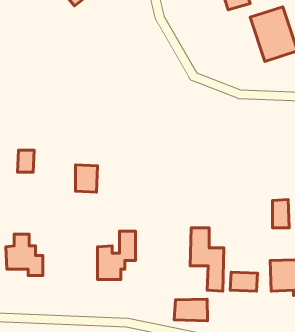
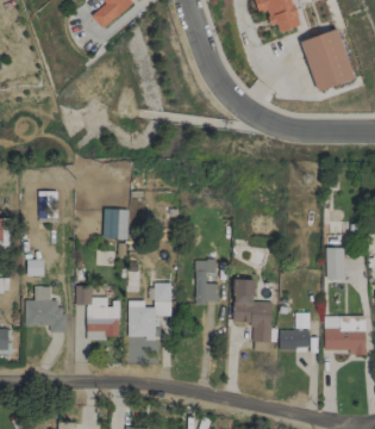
building: none -> [195,259,218,303]
building: none -> [75,285,119,336]
building: [174,299,207,321] -> none

